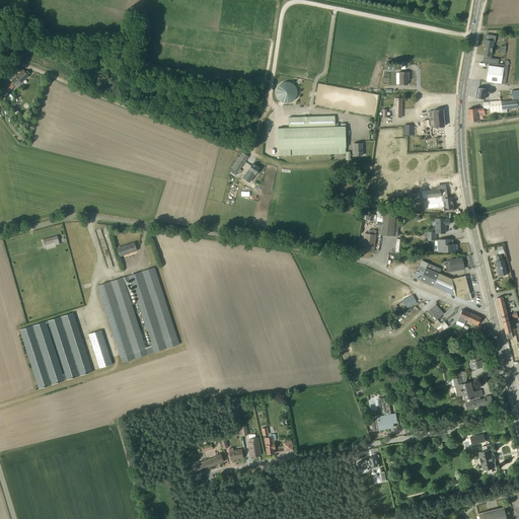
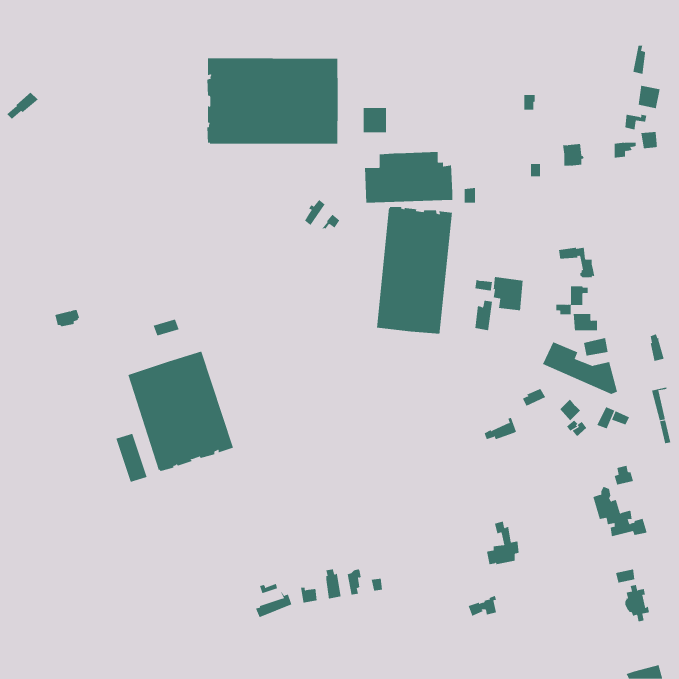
building: none -> [207,57,338,145]
building: none -> [377,206,452,335]
building: [19,313,92,389] -> none

